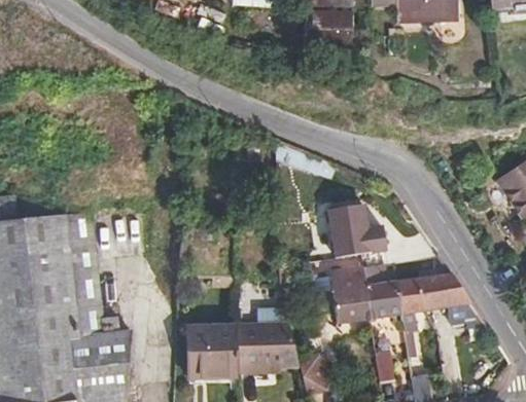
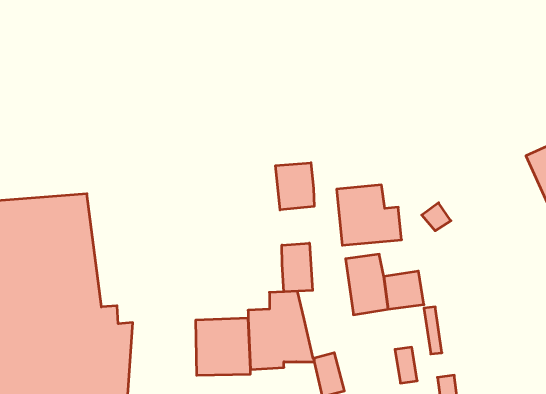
building: none -> [276,163,314,210]
building: none -> [282,243,313,292]
building: [394,273,480,322] -> none

